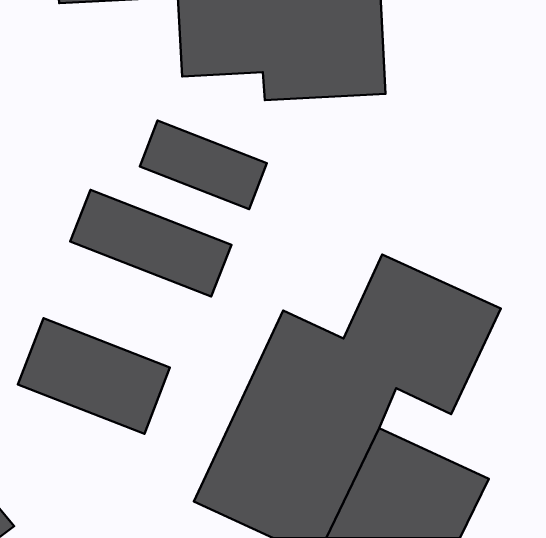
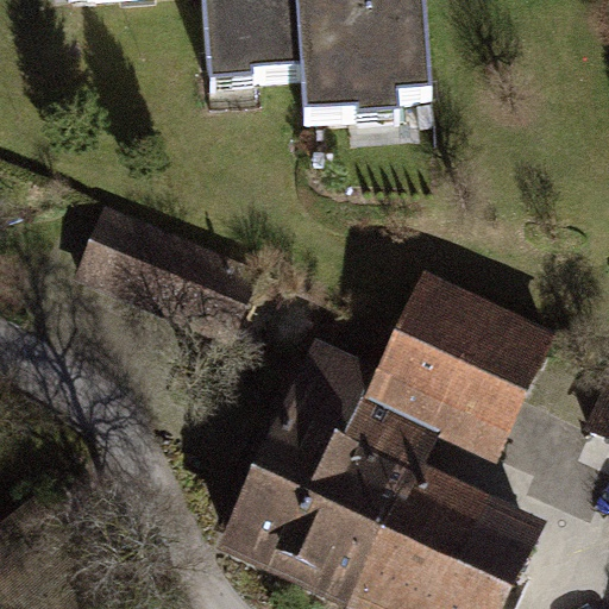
building: [140,121,267,209] -> none
building: [18,318,170,434] -> none

